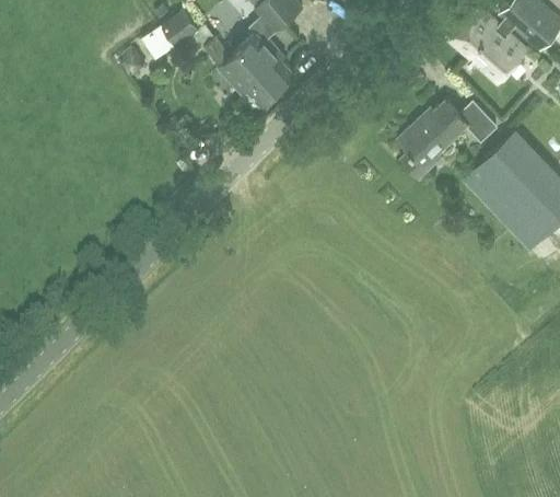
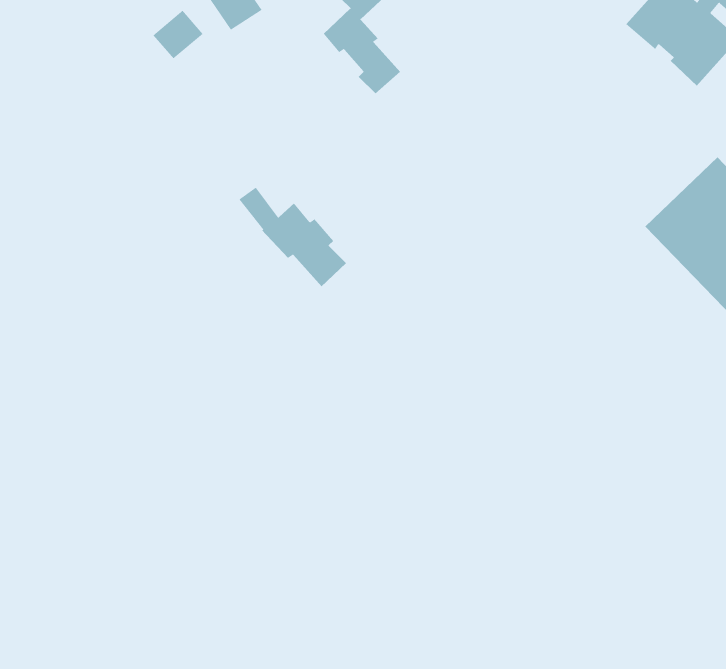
building: [203,37,278,106] -> [239,187,347,287]
building: [398,101,497,182] -> none

